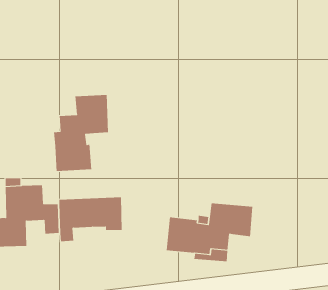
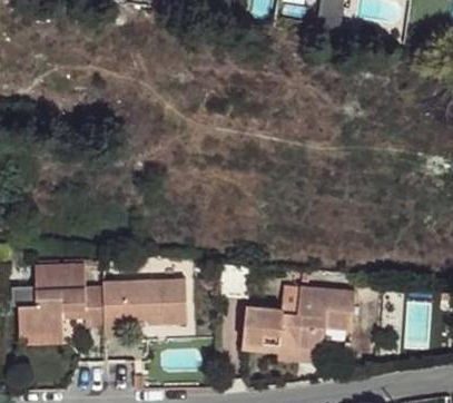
building: [54,94,109,172] -> none

